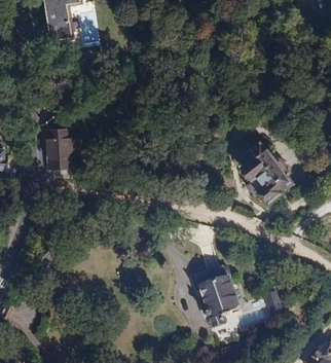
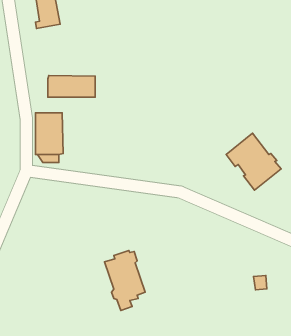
building: none -> [48,75,95,97]
building: [201,264,243,325] -> [105,251,145,311]

